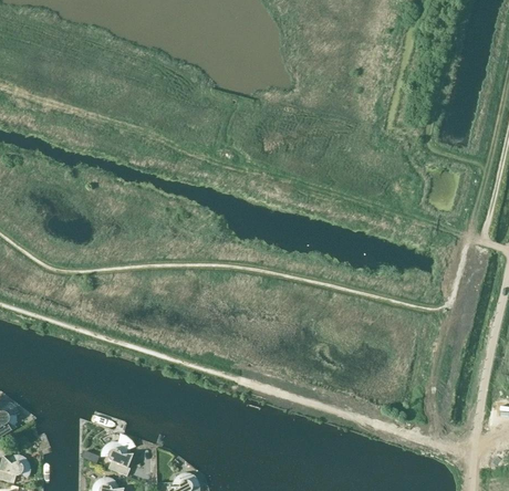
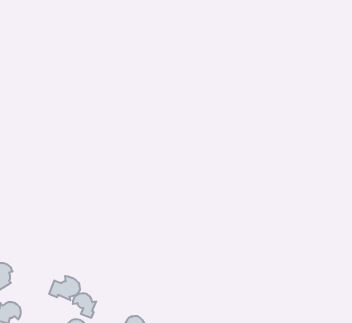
building: none -> [49,276,80,300]

